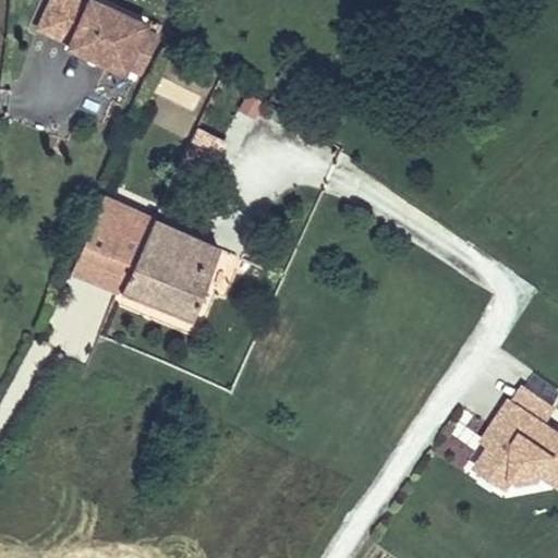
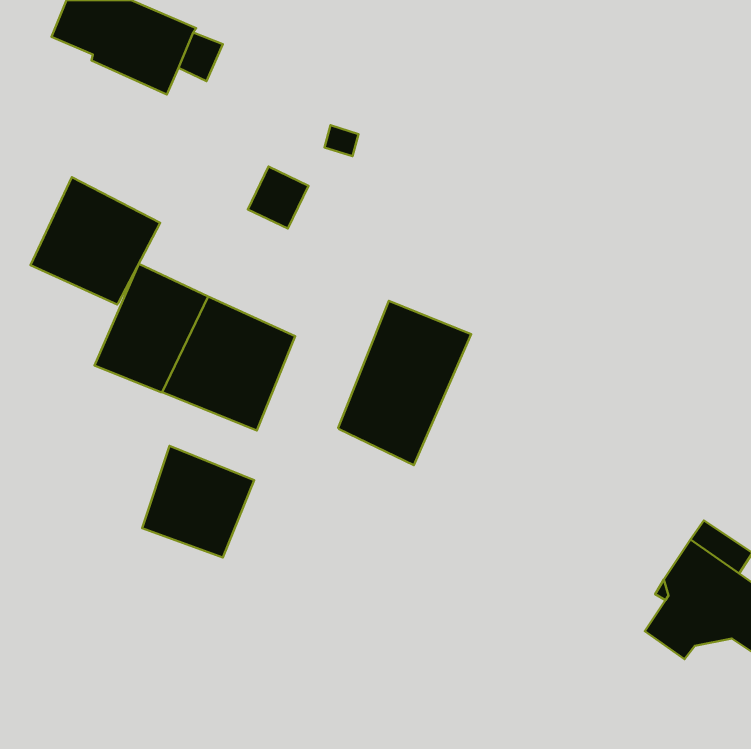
building: none -> [31,177,160,305]
building: none -> [338,301,471,465]
building: none -> [142,446,254,557]

